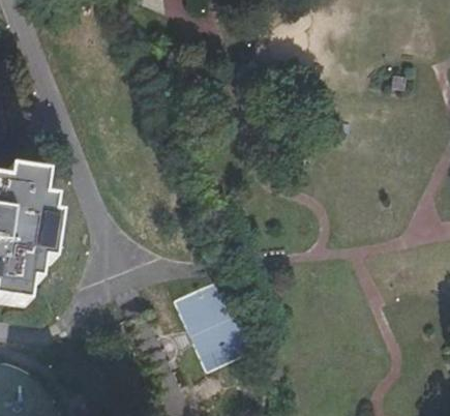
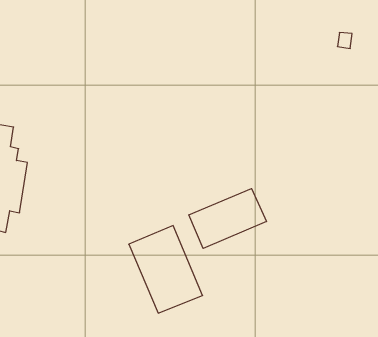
building: none -> [189,189,266,248]

